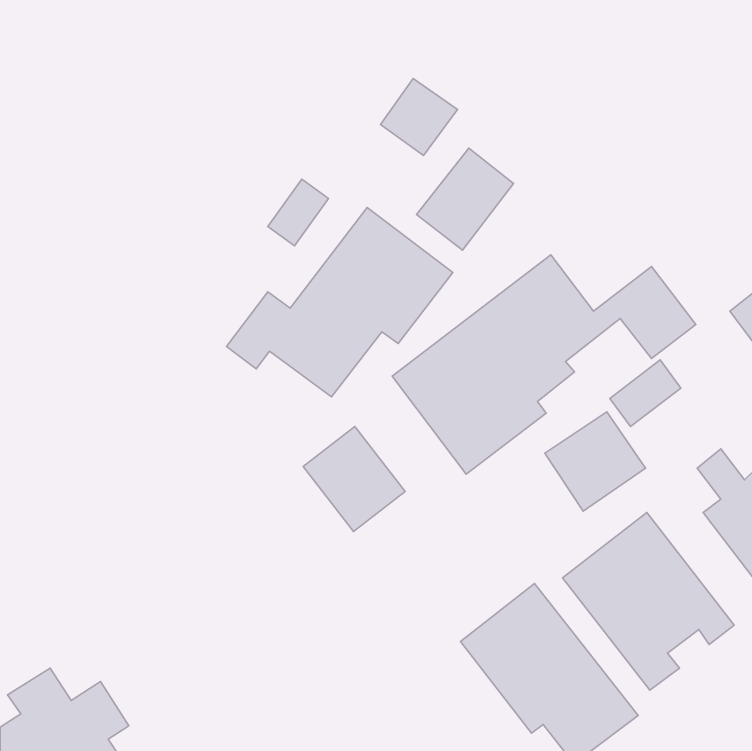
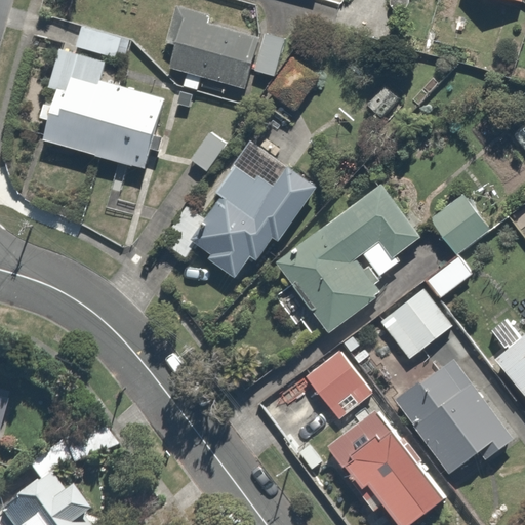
building: none -> [164,13,283,111]
building: none -> [52,26,165,162]
building: [416,148,514,250] -> none
building: [303,426,405,532] -> [304,347,374,419]

